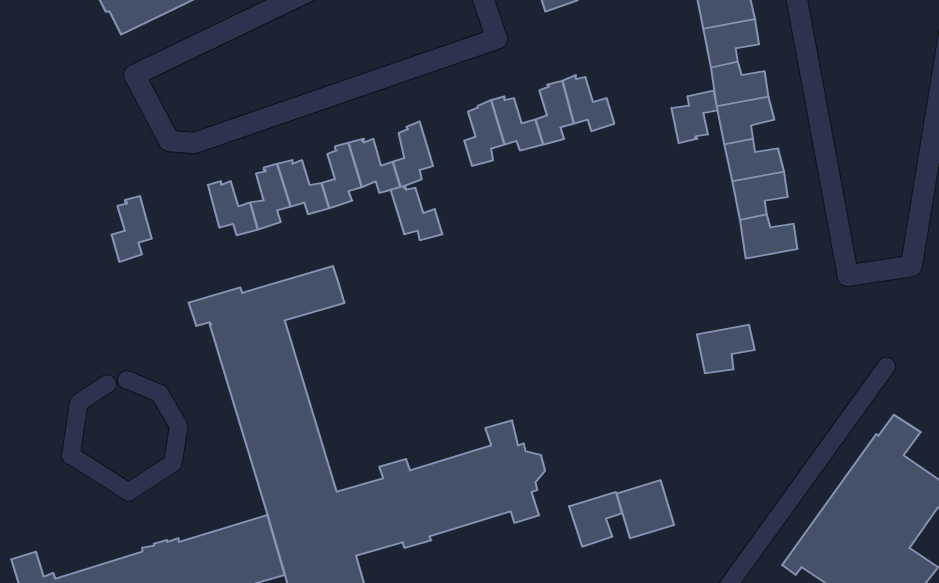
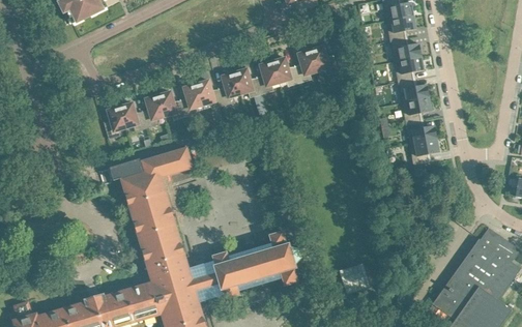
building: [672,90,717,143] -> none
building: [391,186,443,240] -> [234,67,262,96]
building: [111,196,152,262] -> [105,103,126,139]
building: [697,325,755,373] -> [409,138,440,164]
building: [569,492,622,547] -> none

